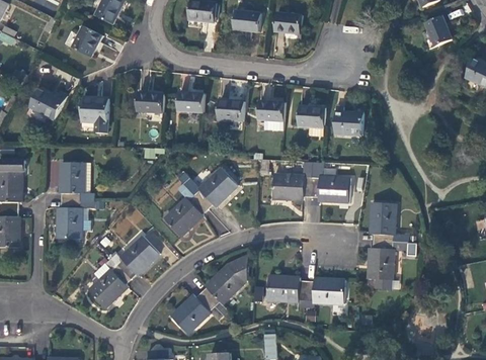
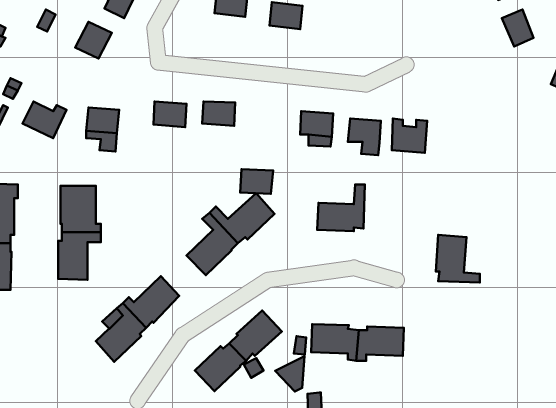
building: [274,13,302,33] -> none
building: [218,100,245,120] -> [240,169,273,194]
building: [311,161,348,202] -> none
building: [369,241,407,279] -> none
building: [227,253,251,282] -> [275,356,305,391]

